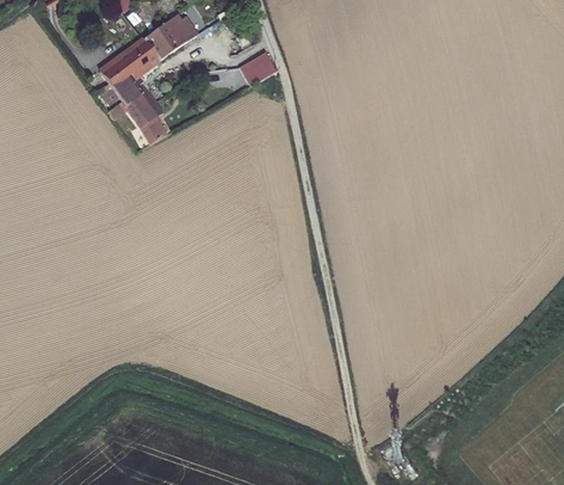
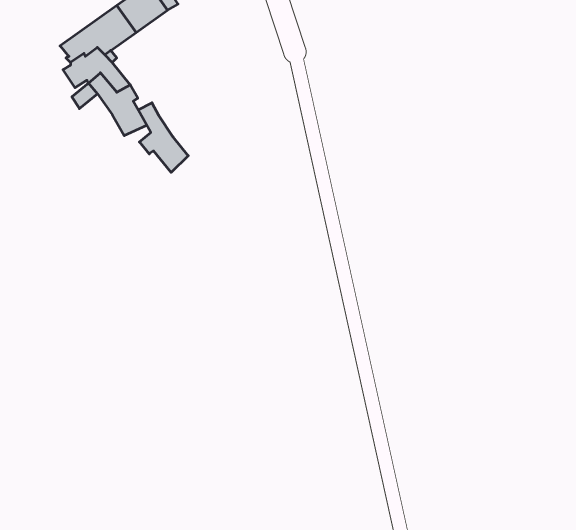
building: [240,51,277,85] -> none
building: none -> [138,103,188,172]

